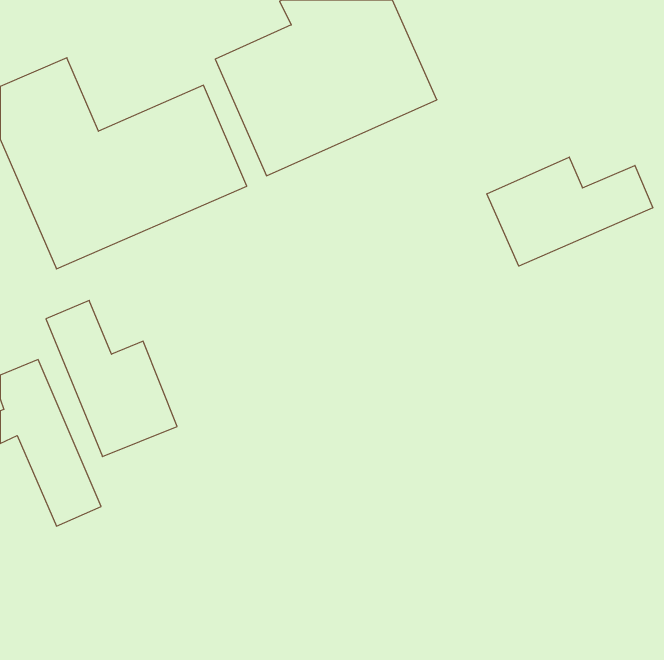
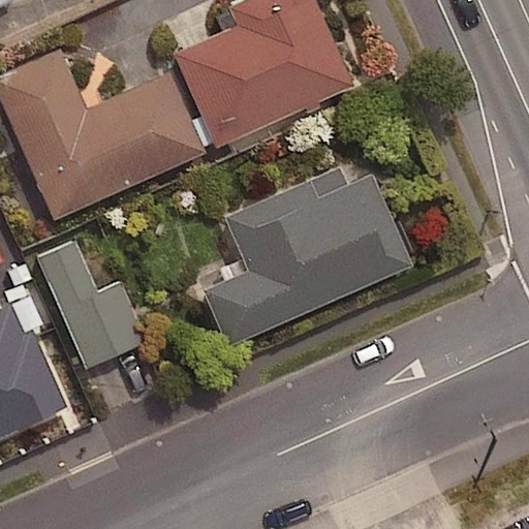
building: [487,157,653,266] -> none
building: none -> [201,169,407,345]

